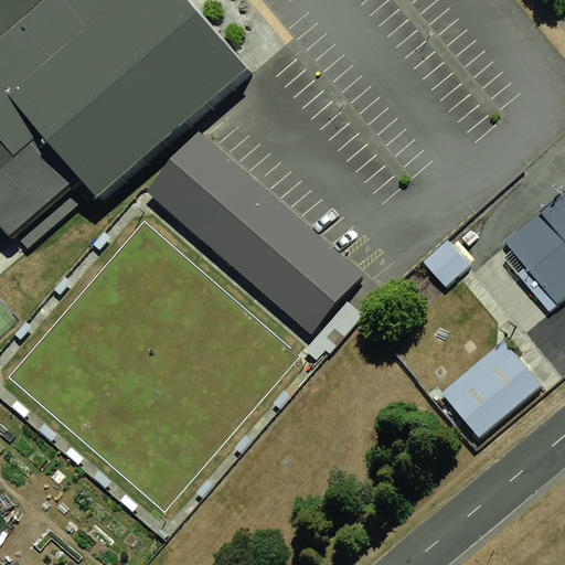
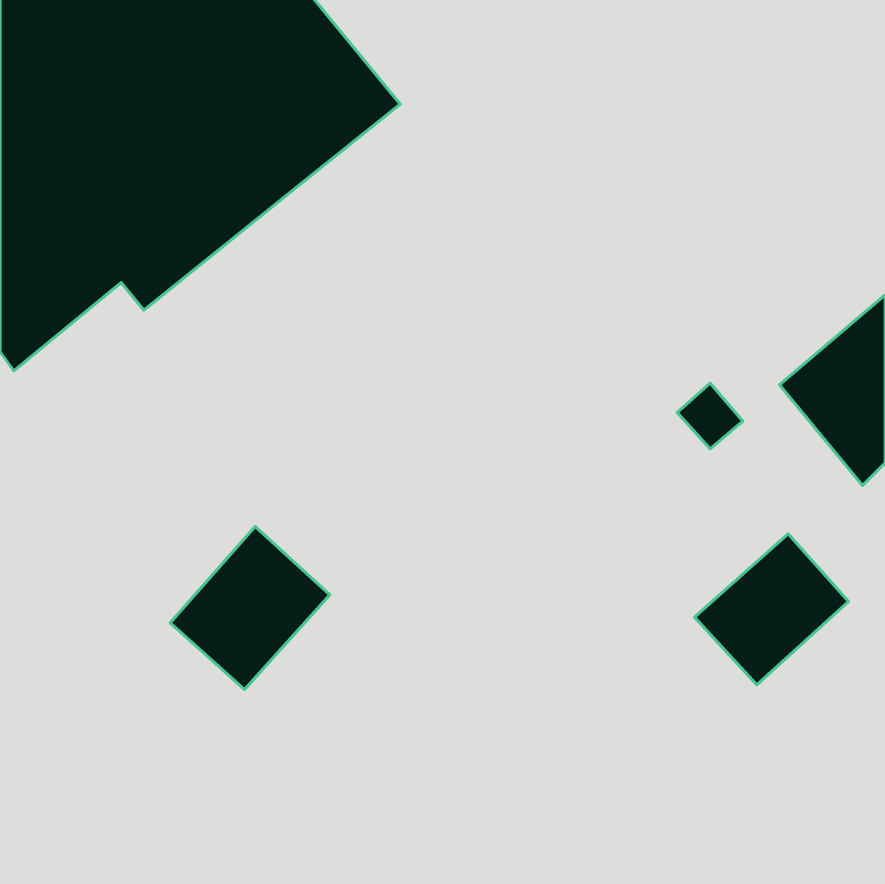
building: [137,139,372,355] -> none
building: none -> [170,527,330,690]

